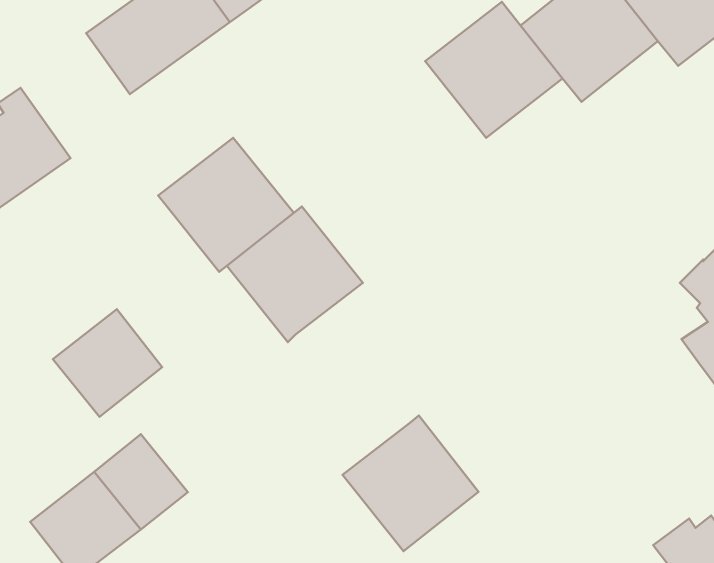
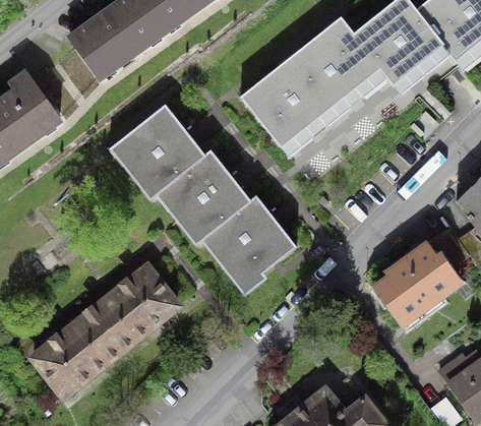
building: none -> [242,58,330,146]
building: [53,309,162,417] -> [106,268,177,339]
building: none -> [377,229,469,322]
building: [342,416,478,551] -> [206,197,295,286]

